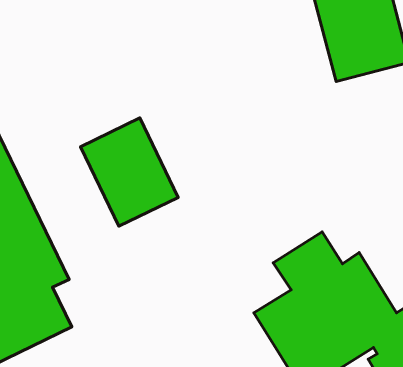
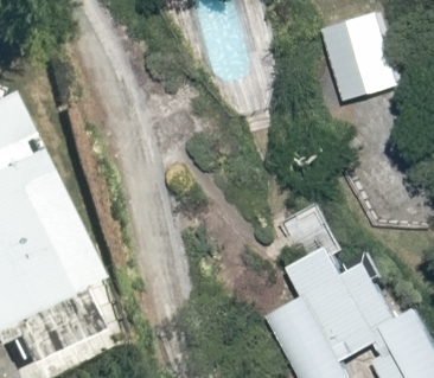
building: [81,118,178,226] -> none

